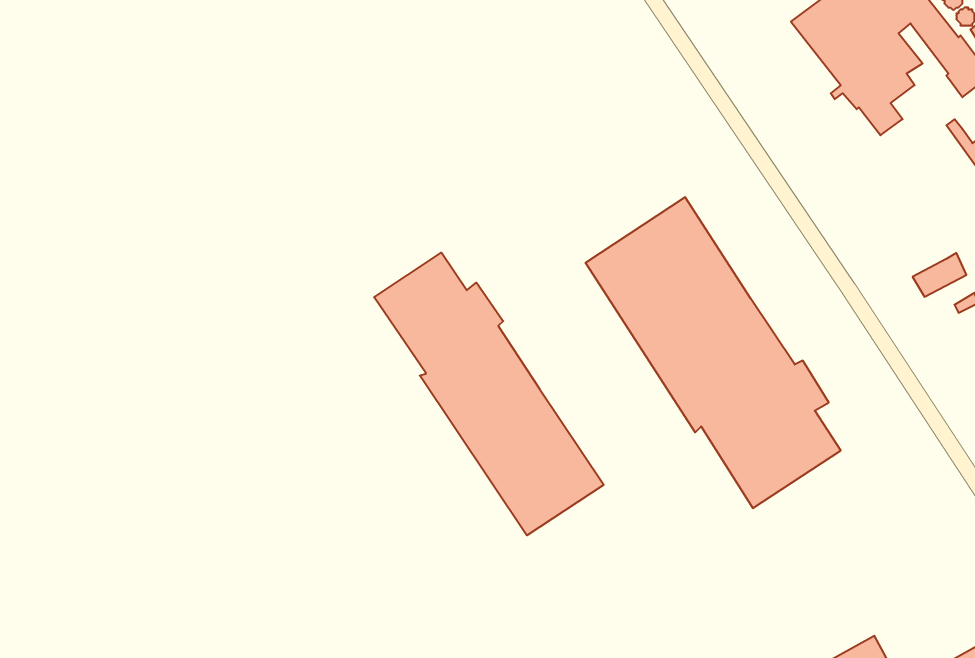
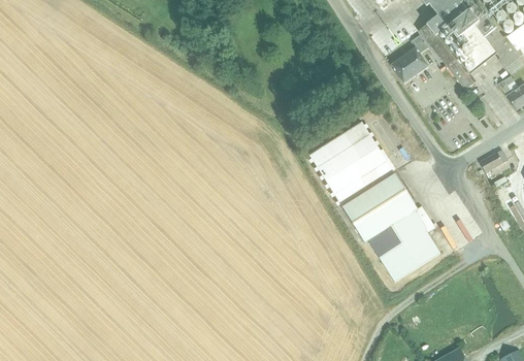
building: none -> [391,36,427,81]
building: [374,253,604,535] -> none

